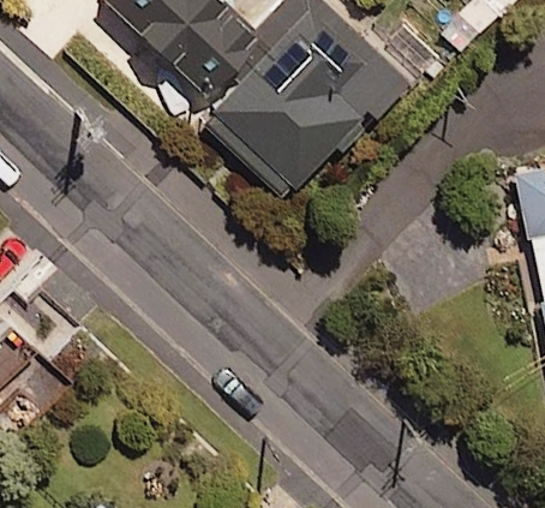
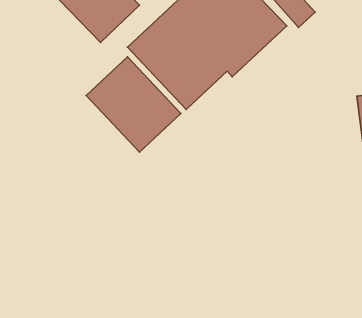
building: none -> [86,57,181,152]

